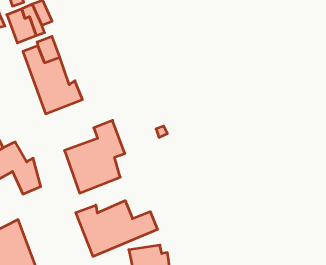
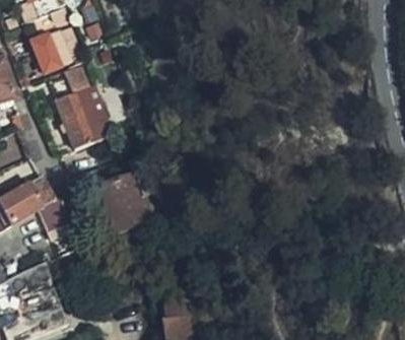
building: [76,201,157,256] -> none

